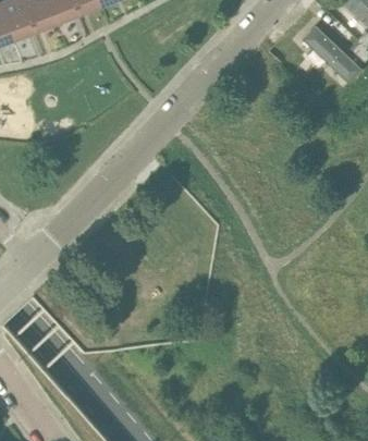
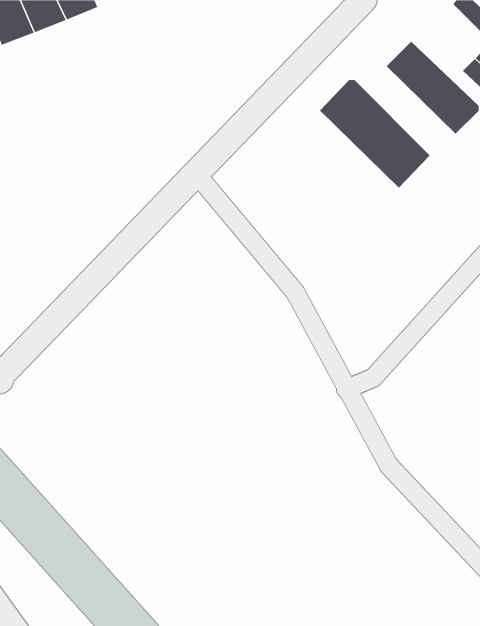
building: none -> [319,79,431,189]

